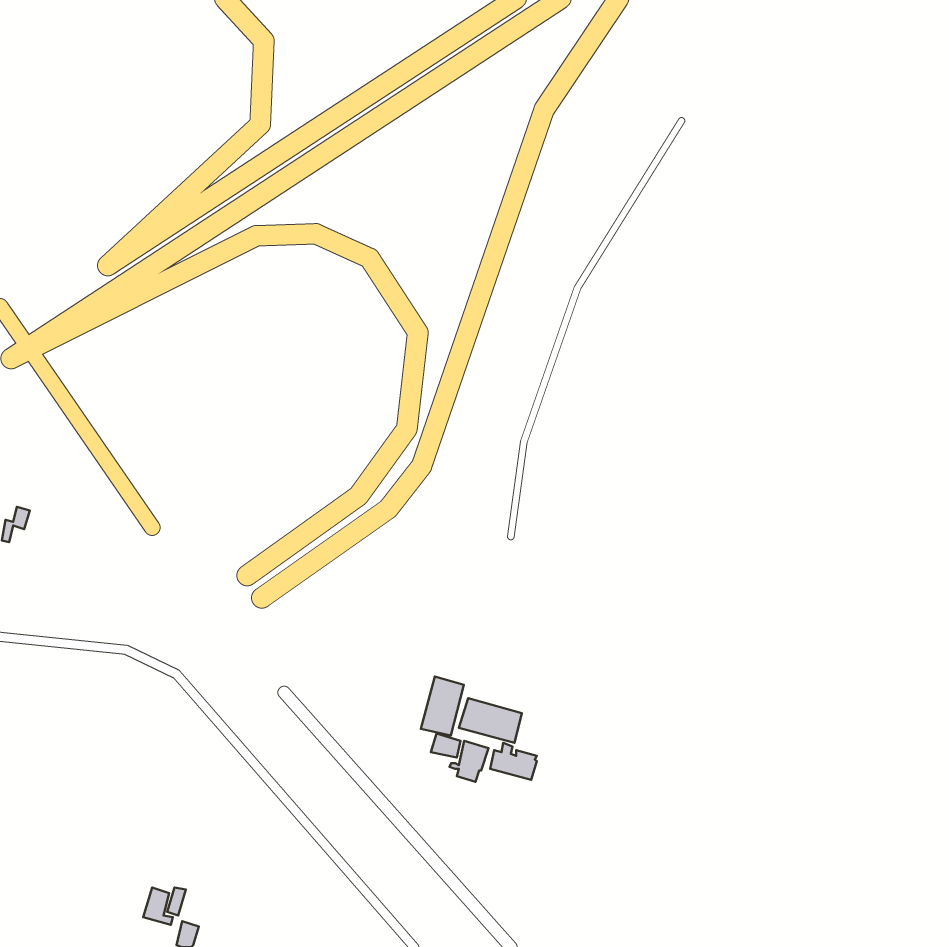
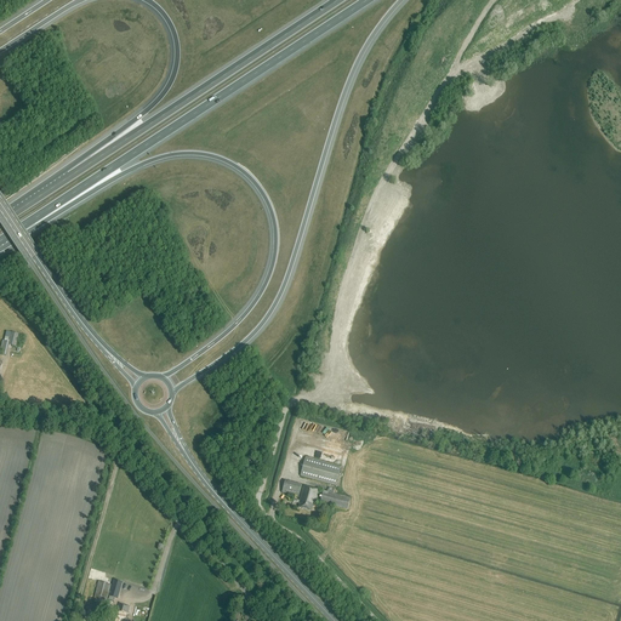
building: [421,677,464,735] -> none

